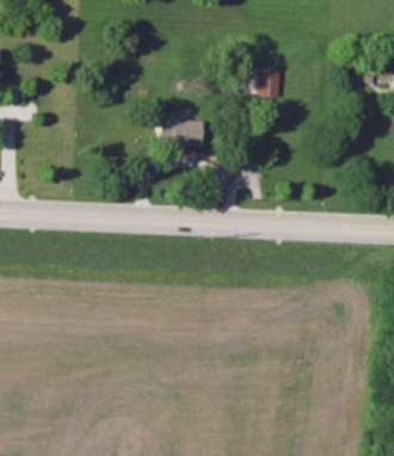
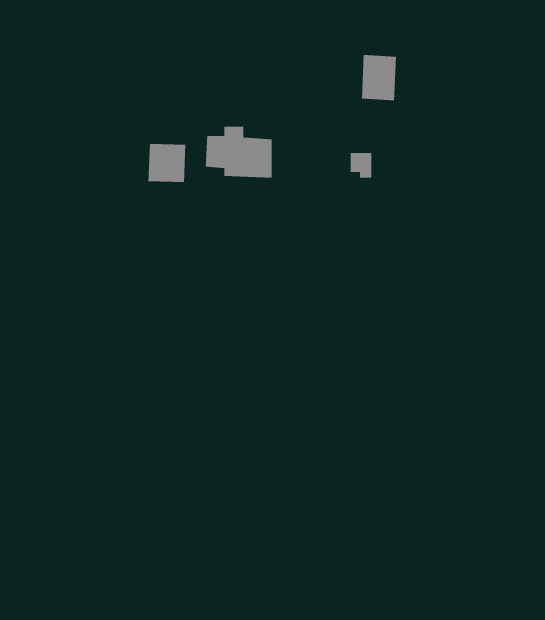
building: none -> [148,143,186,183]

